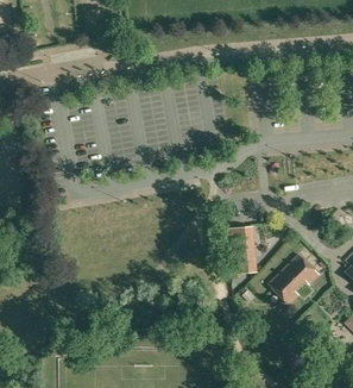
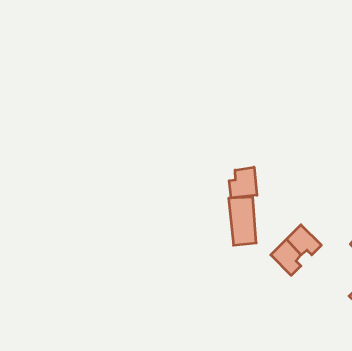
building: none -> [229,167,257,198]

